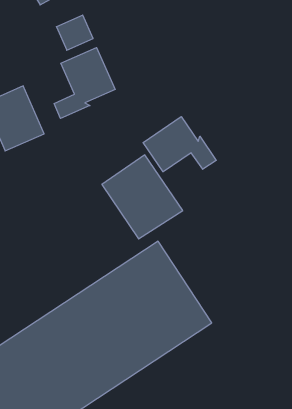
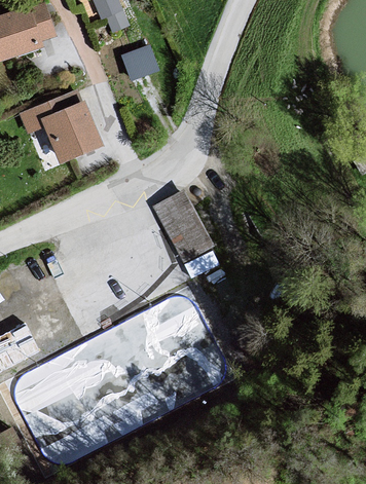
building: [54,48,115,118] -> none
building: [143,117,216,172] -> none

